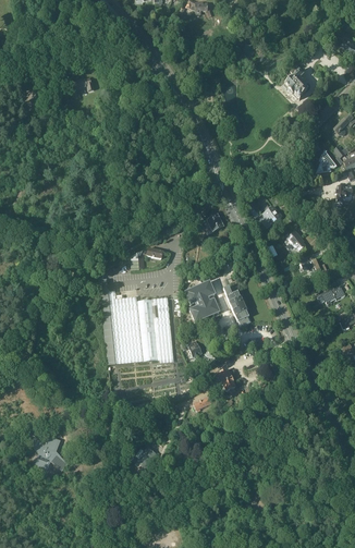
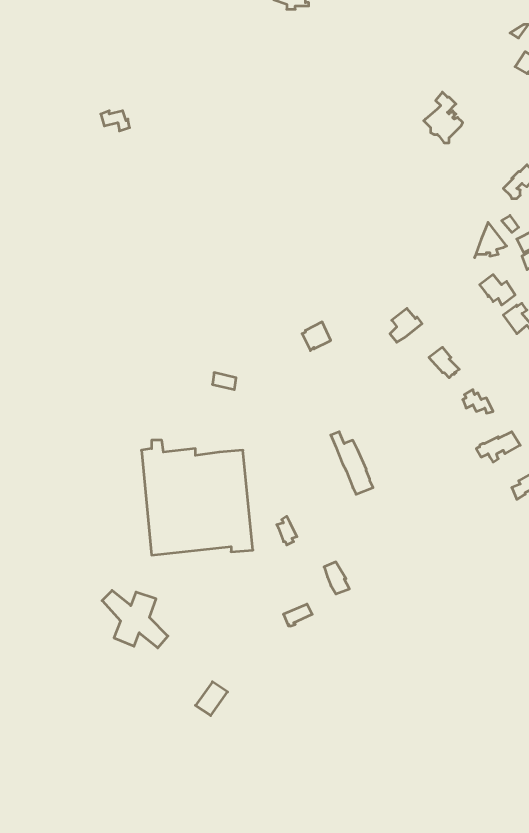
building: [184,281,218,322] -> none
building: [25,434,68,471] -> [102,590,168,648]

